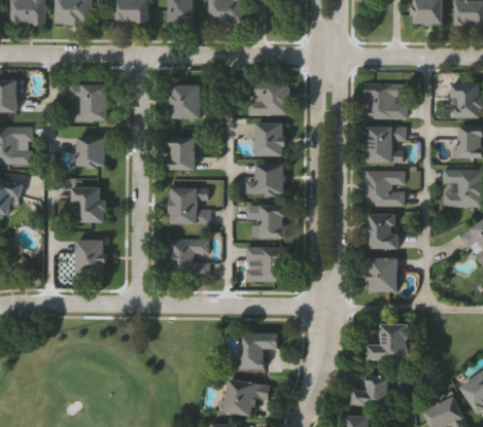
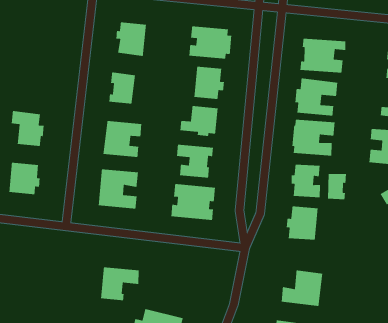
building: [72,84,108,121] -> none
building: [79,137,108,169] -> none
building: none -> [327,173,347,200]
building: [241,334,280,368] -> [100,266,140,301]

